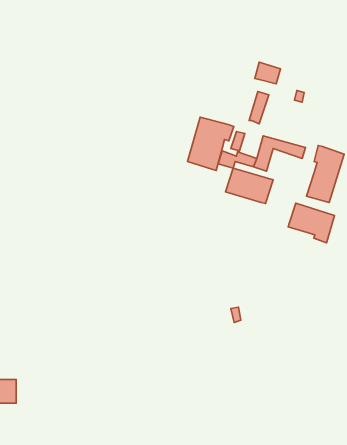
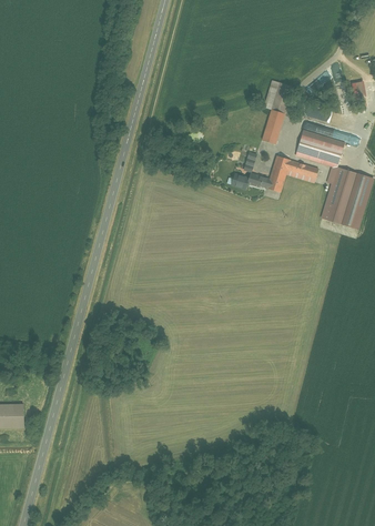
building: [187,117,234,170] -> none
building: [226,168,273,204] -> [297,130,346,166]
building: [288,203,334,243] -> none

